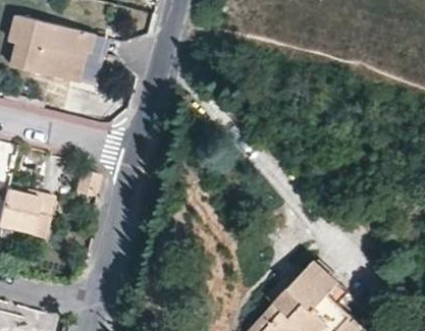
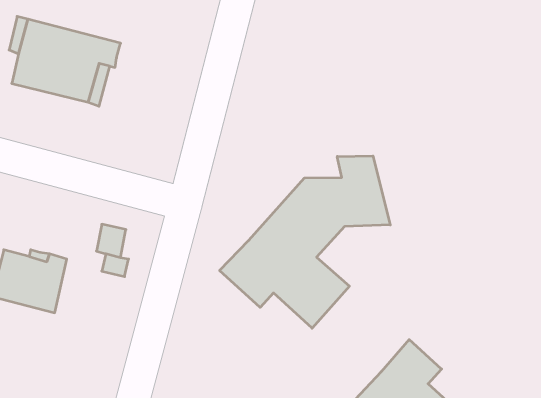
building: none -> [220,156,390,328]

